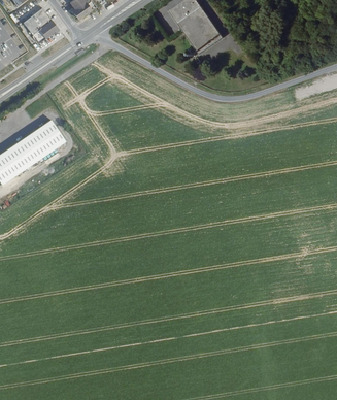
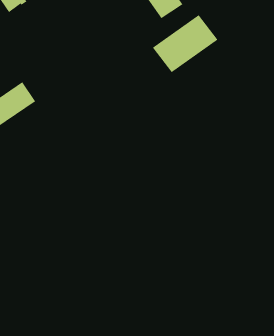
building: none -> [152,14,219,73]

